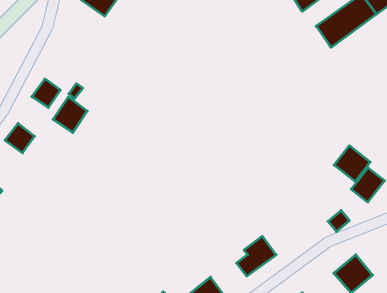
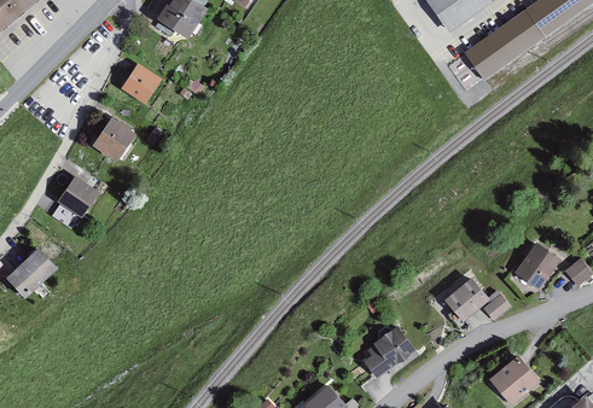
building: none -> [123,64,163,104]
building: [53,97,87,133] -> none
building: [334,146,370,181] -> none
building: none -> [444,279,488,321]

